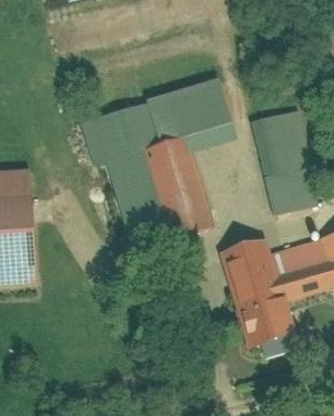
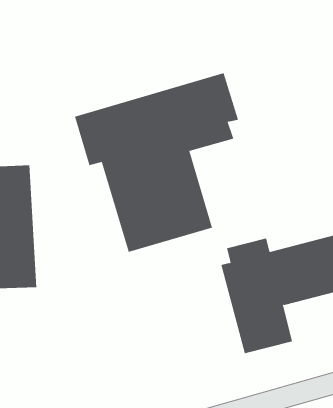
building: [253,109,320,214] -> none

